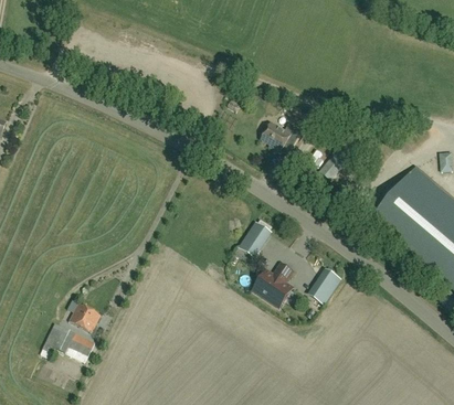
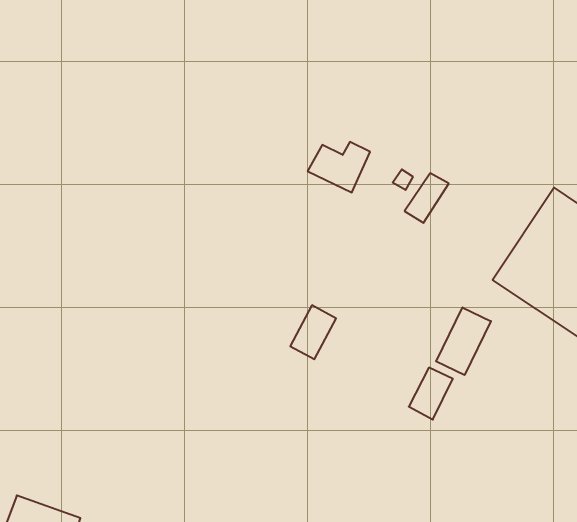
building: none -> [436,307,491,375]
building: [253,263,292,306] -> none
building: [70,300,101,330] -> none

